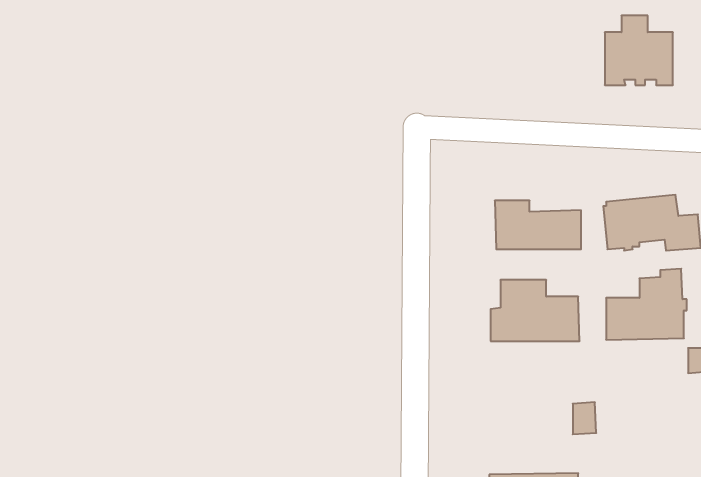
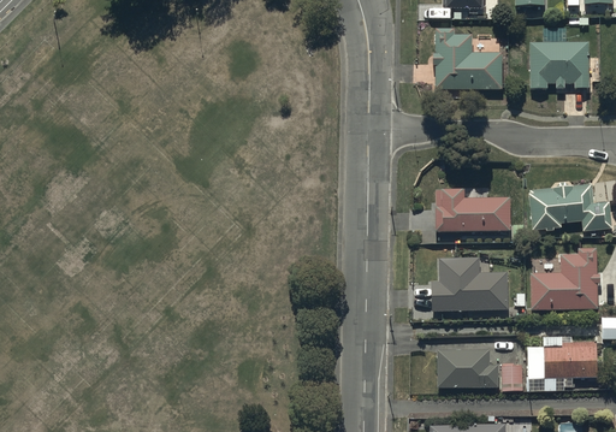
building: none -> [433,26,502,88]
building: none -> [527,336,597,385]
building: none -> [438,350,497,387]

